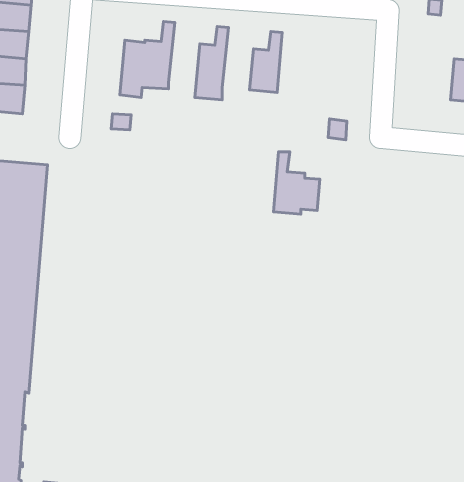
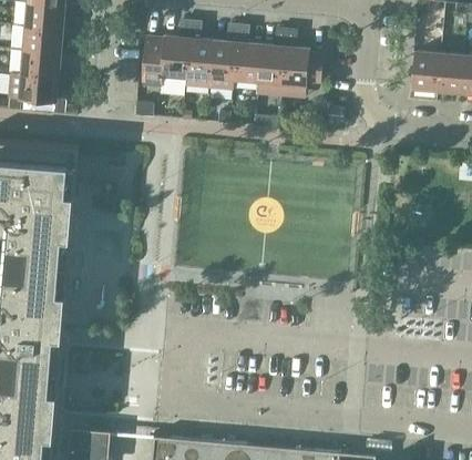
building: none -> [182,21,211,88]
building: none -> [230,25,258,81]
building: none -> [409,51,437,90]
building: [274,152,320,214] -> [279,30,320,85]

